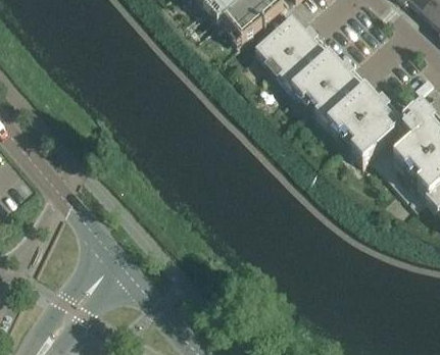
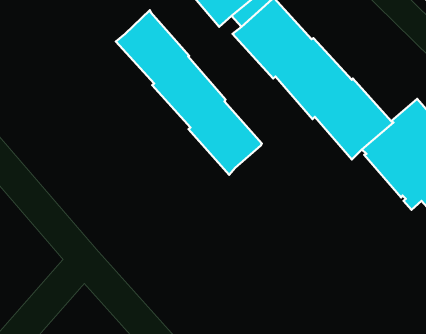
building: none -> [116,10,262,175]

